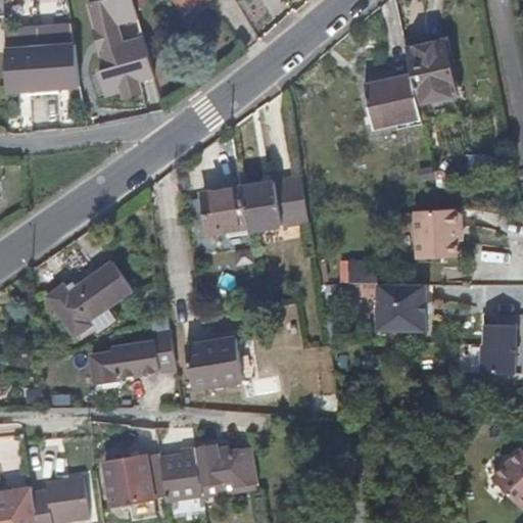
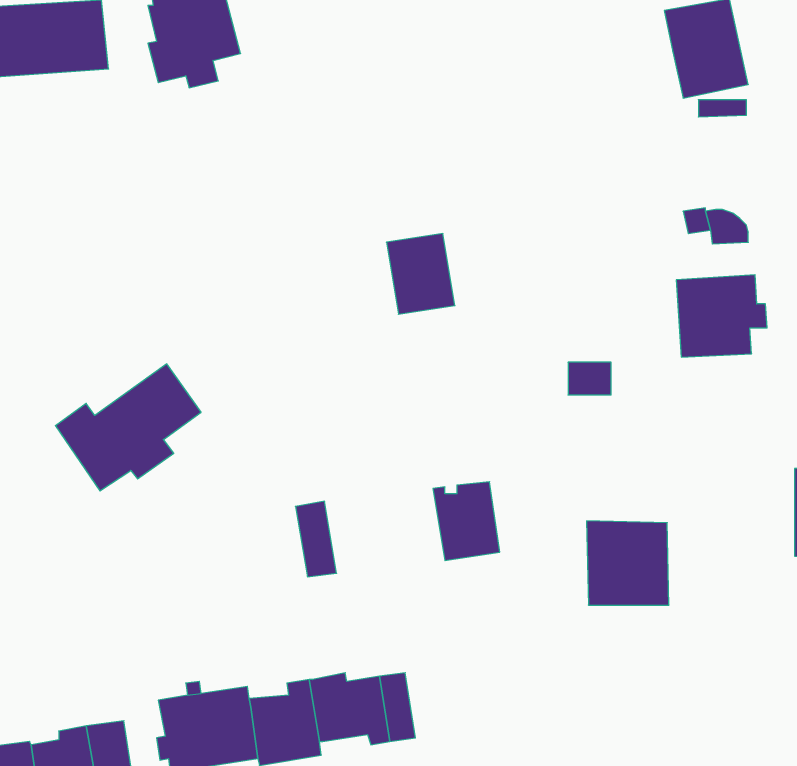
building: [363,76,420,129] -> none
building: [274,180,308,227] -> none
building: [202,189,248,237] -> none
building: [375,282,424,332] -> [587,521,669,605]
building: [90,332,175,385] -> none
building: [203,339,243,386] -> [433,482,500,561]

